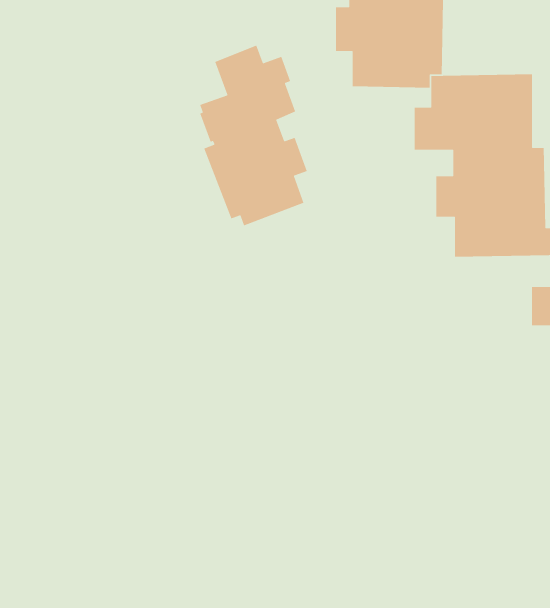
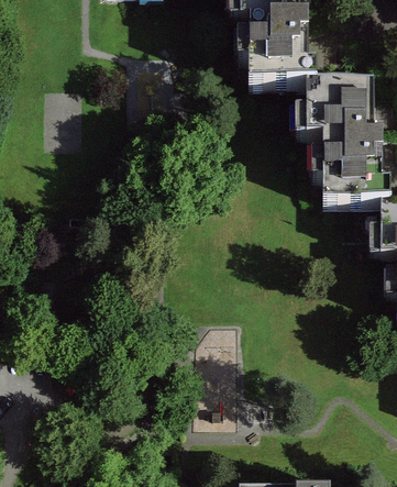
building: [199,45,308,226] -> none

